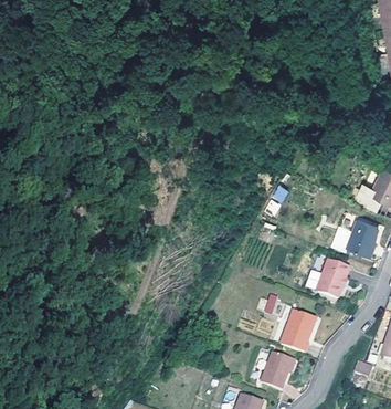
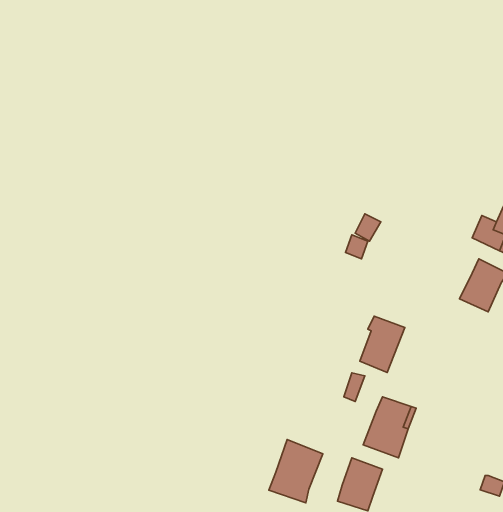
building: [316,258,347,296] -> [360,316,405,372]
building: none -> [269,440,323,503]

